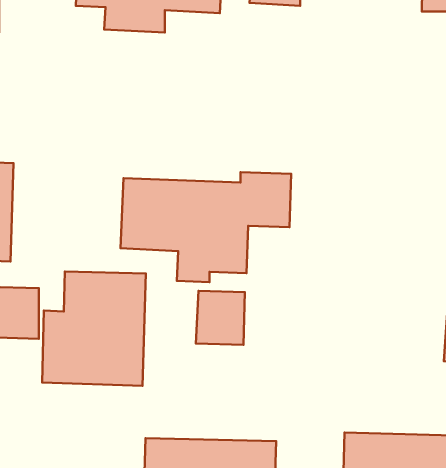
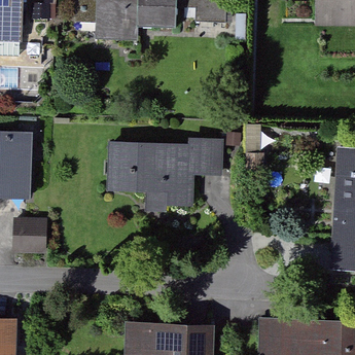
building: [42,272,146,386] -> none
building: [196,291,245,345] -> none

